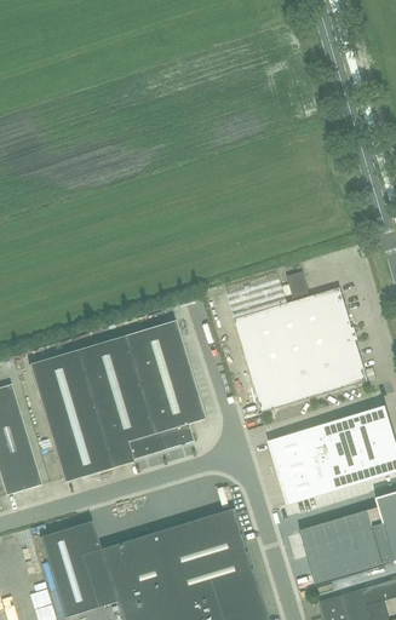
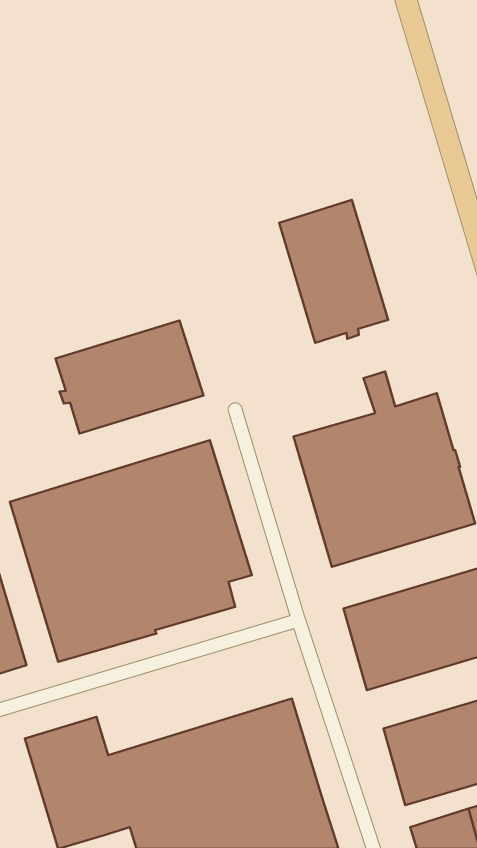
building: none -> [279,200,388,343]
building: none -> [56,320,204,434]

